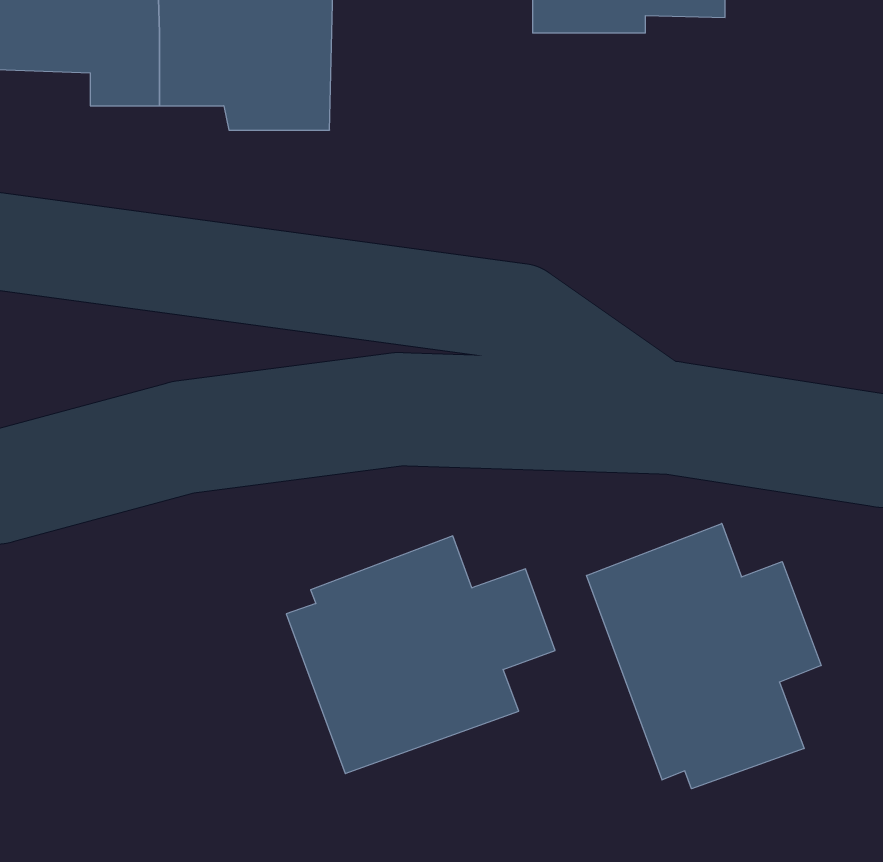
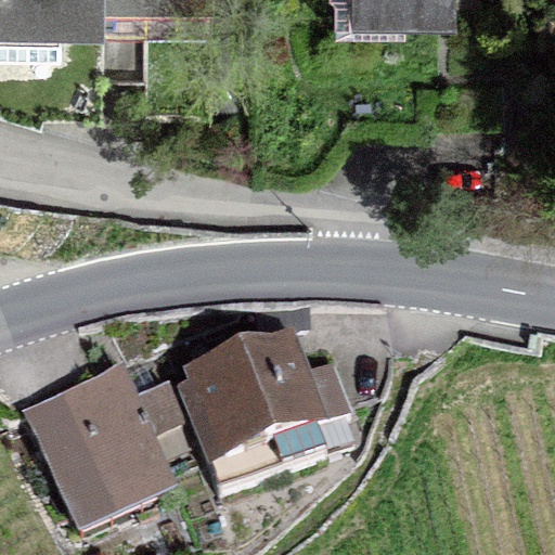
building: [587,523,821,789] -> none
building: none -> [24,363,180,506]

